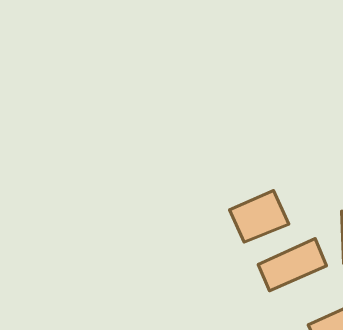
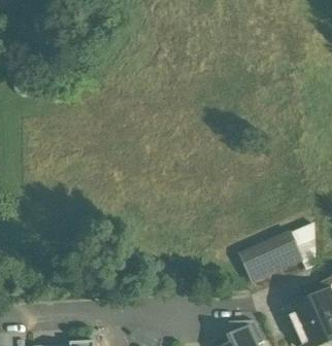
building: [230,190,289,242] -> none

